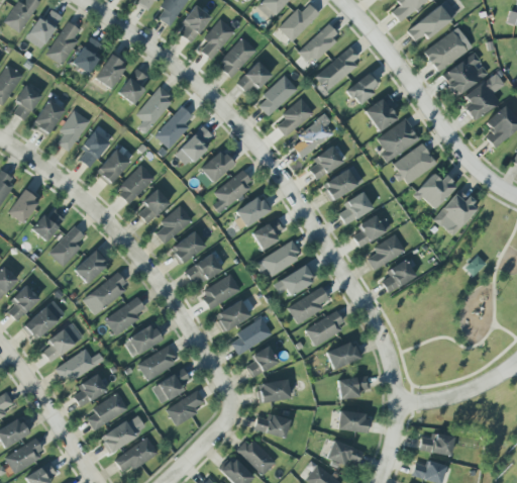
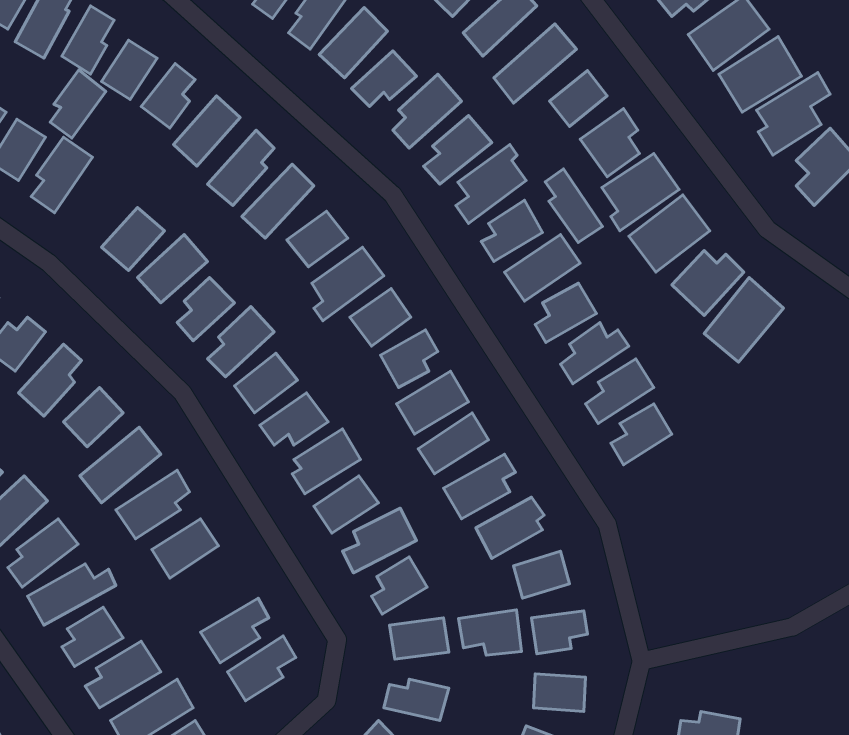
building: none -> [545,169,602,243]
building: [79,129,110,168] -> [50,70,106,138]
building: [138,344,179,380] -> none
building: none -> [459,610,522,655]

